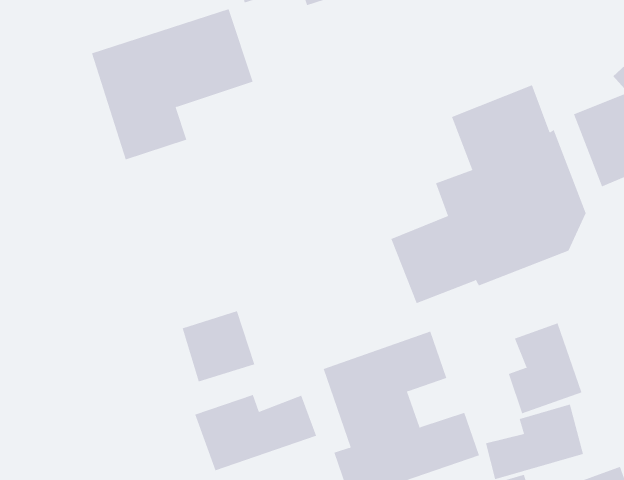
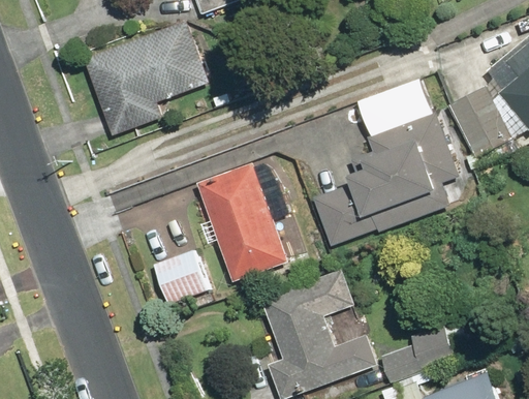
building: none -> [196,165,289,280]
building: [508,322,582,414] -> none
building: [195,394,317,471] -> none

